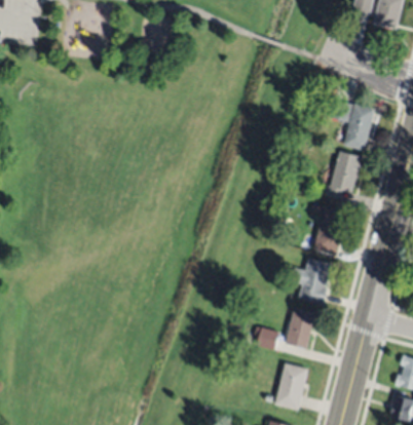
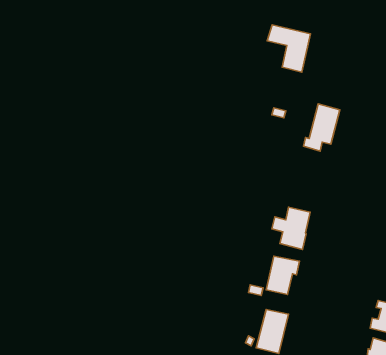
building: [329,101,374,150] -> [267,25,311,72]
building: [313,205,347,255] -> none

